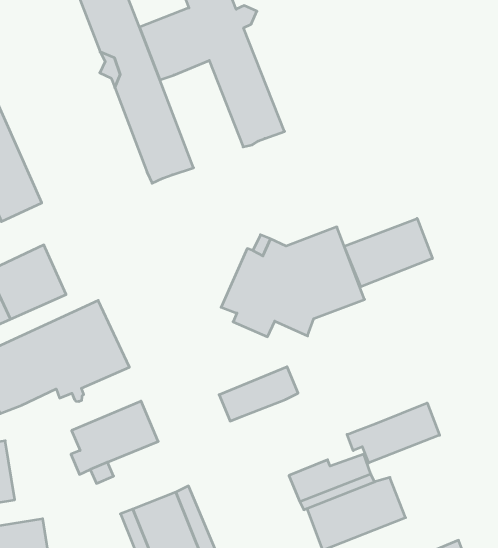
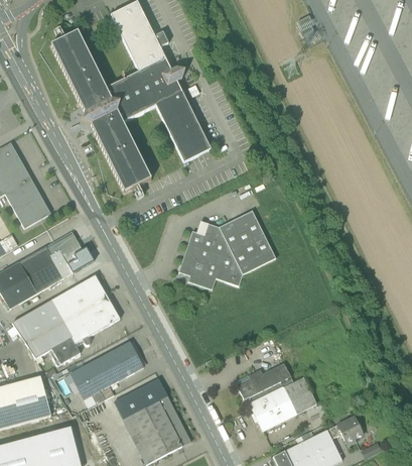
building: [344,218,432,287] -> none
building: none -> [54,231,83,264]
building: [219,367,298,421] -> [114,378,167,419]
building: none -> [49,338,80,366]
building: [347,403,440,463] -> none
building: none -> [70,365,93,399]

